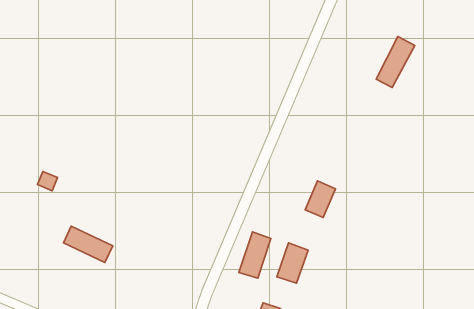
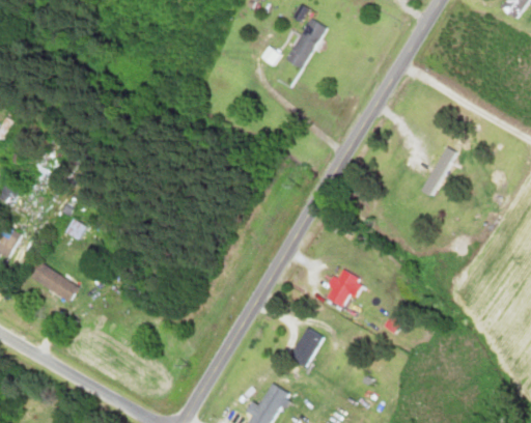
building: [63,226,113,263] -> [29,261,78,303]
building: [239,232,271,278] -> none

